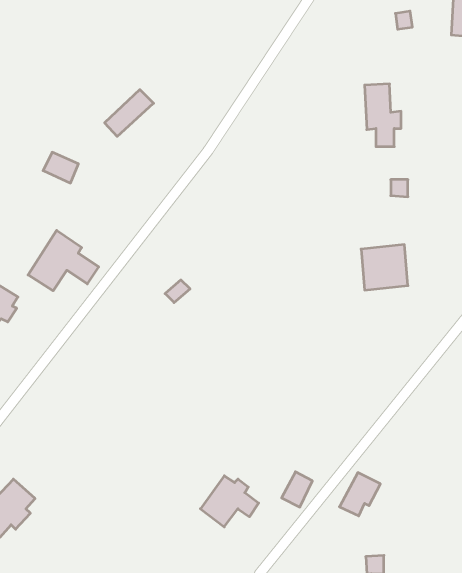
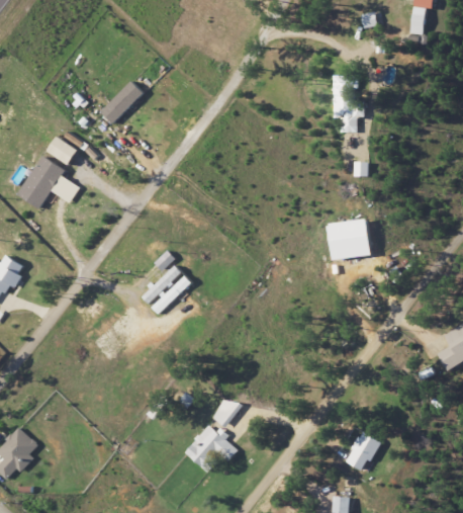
building: [28,230,99,291] -> [17,156,80,209]
building: none -> [141,265,192,315]
building: [282,472,312,507] -> [211,397,239,428]
building: [339,473,380,516] -> [344,432,380,471]

